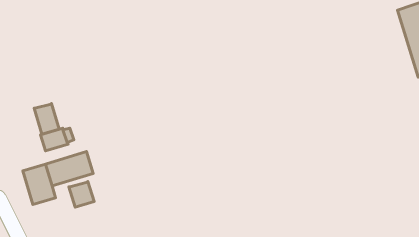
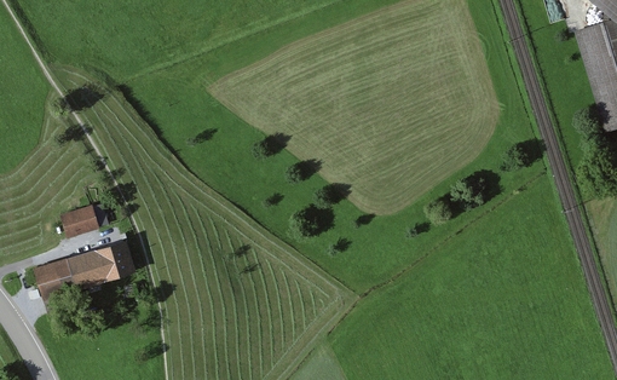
building: [34,103,59,134] -> none
building: [69,181,94,207] -> none

